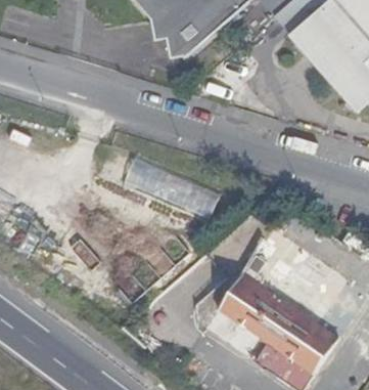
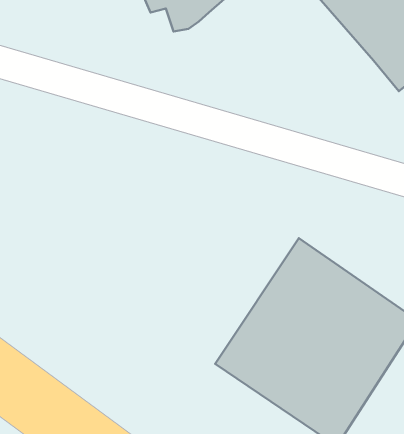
building: [125,157,220,217] -> none

